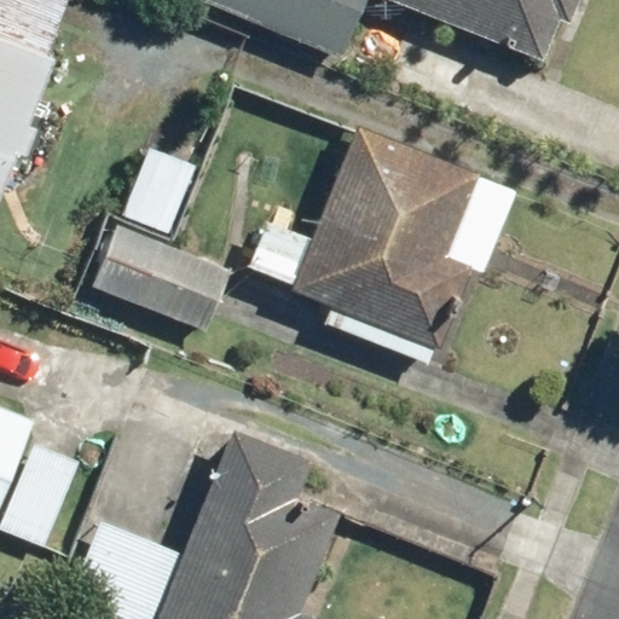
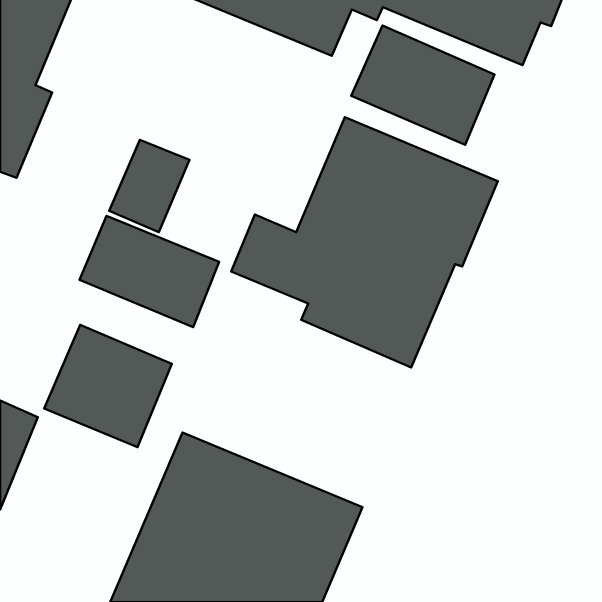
building: none -> [351,26,495,145]
building: none -> [44,325,172,447]

